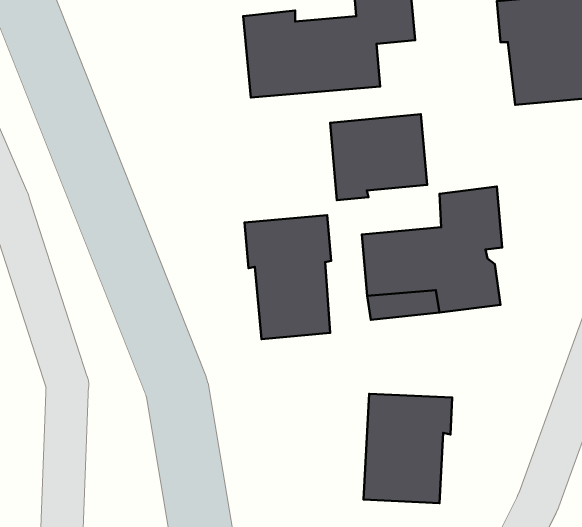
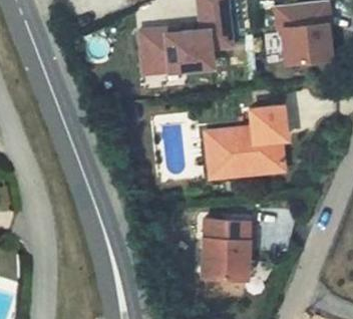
building: [330,114,427,200] -> none
building: [244,215,331,339] -> none

